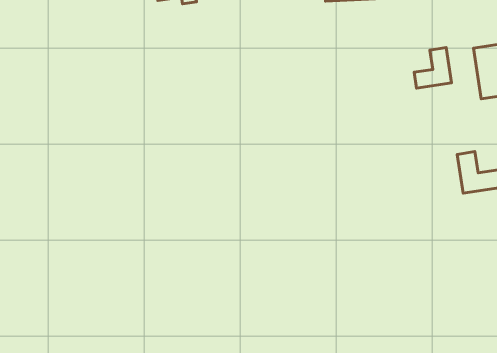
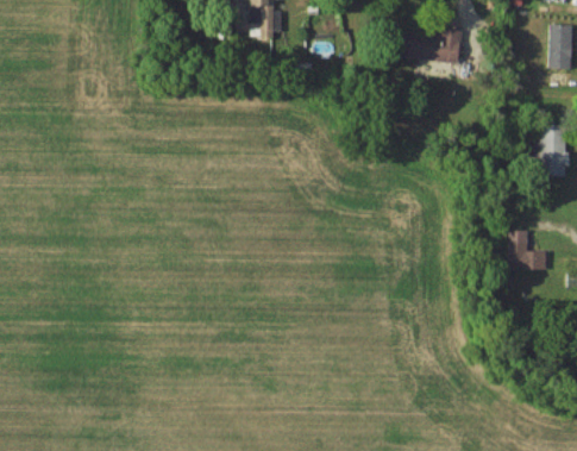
building: [414,48,452,88] -> none

